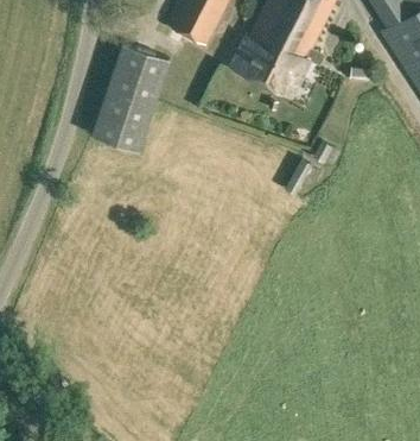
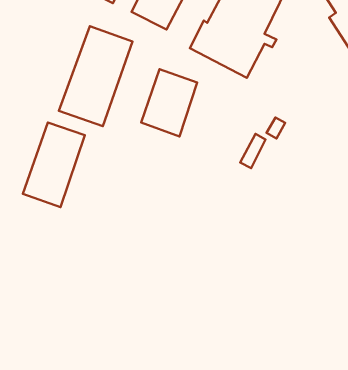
building: none -> [141,69,197,136]
building: none -> [23,122,85,207]

